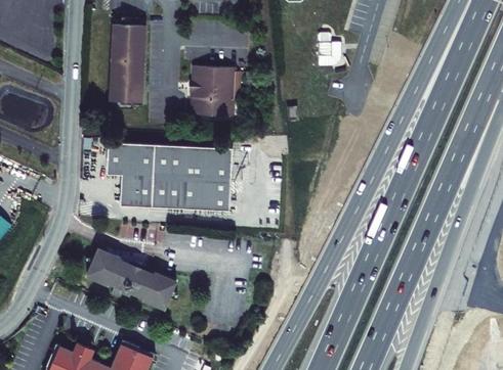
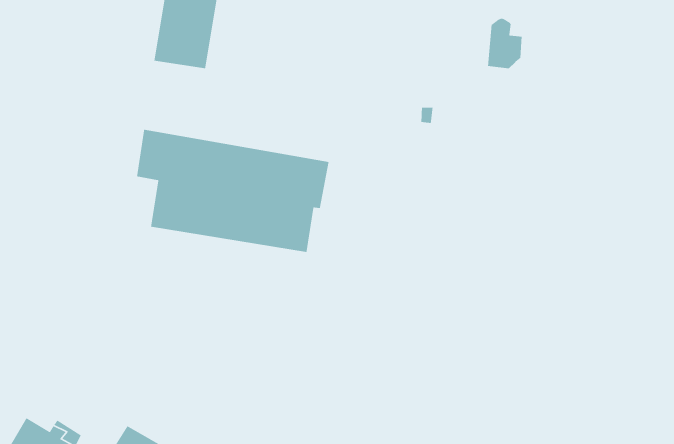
building: [191,66,244,117] -> none
building: [85,247,173,310] -> none

